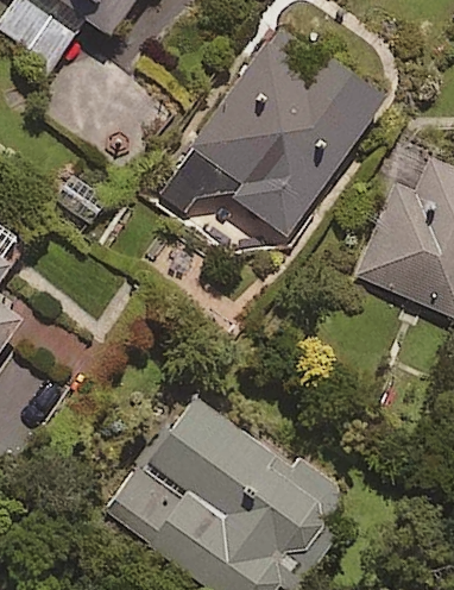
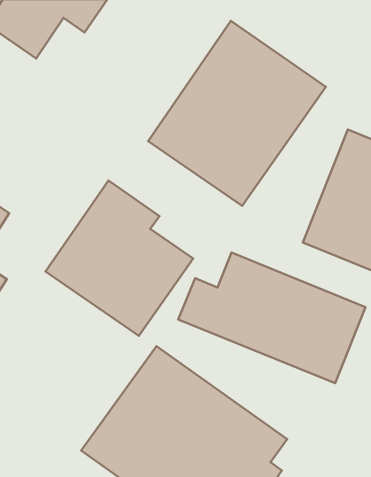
building: none -> [45,181,193,336]
building: none -> [178,252,366,383]

